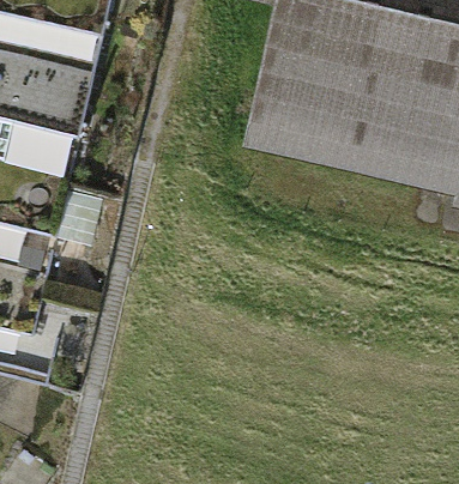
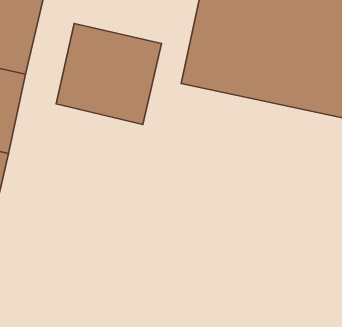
building: none -> [56,24,161,125]

